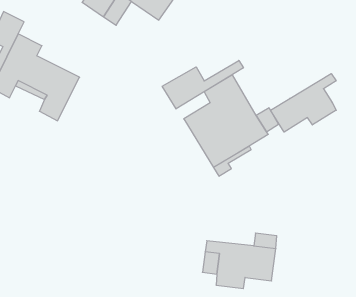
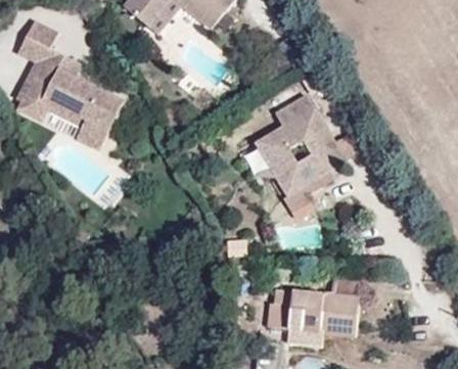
building: [162,60,243,109] -> none
building: [270,74,336,132] -> none

